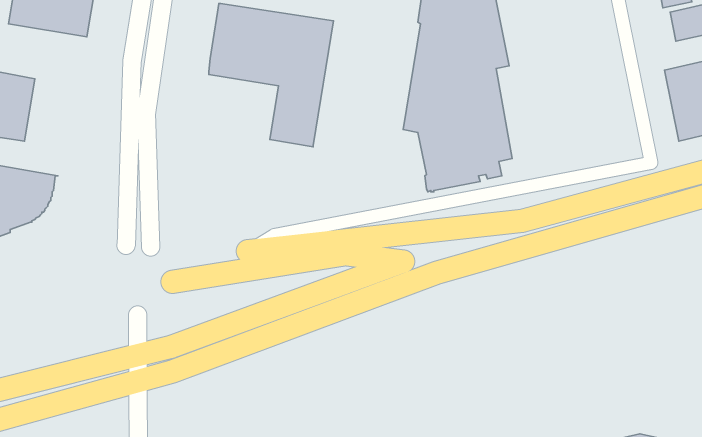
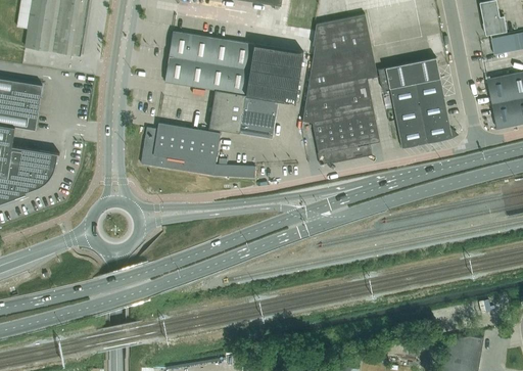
building: none -> [239,45,303,138]
building: none -> [378,58,453,148]
building: none -> [141,124,255,178]

